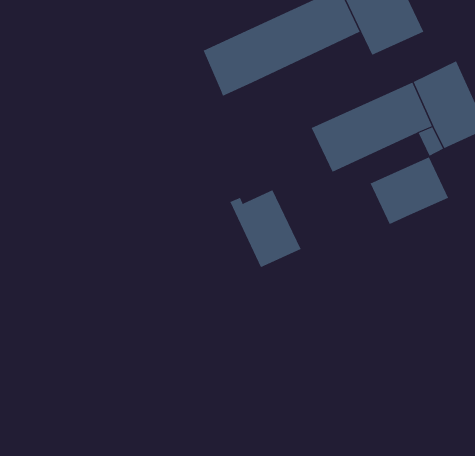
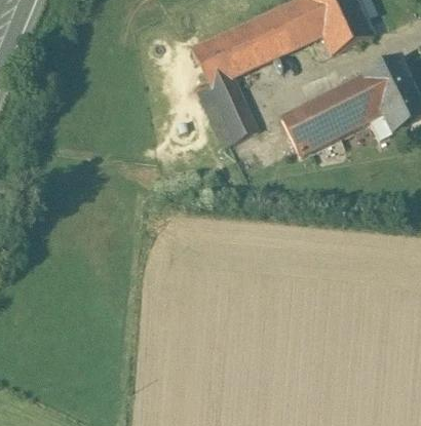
building: [370,156,449,225] -> none
building: [229,190,302,268] -> [196,77,256,142]

